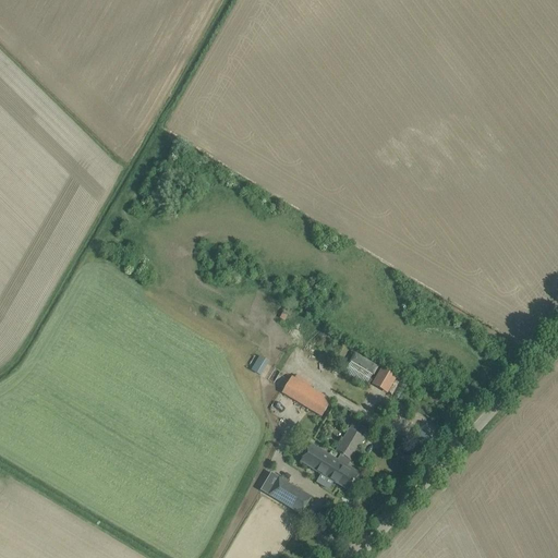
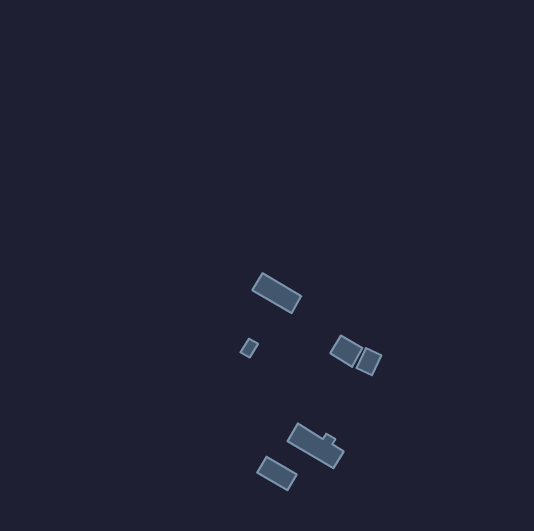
building: [280,374,331,415] -> [252,273,301,313]
building: [335,420,363,458] -> none

